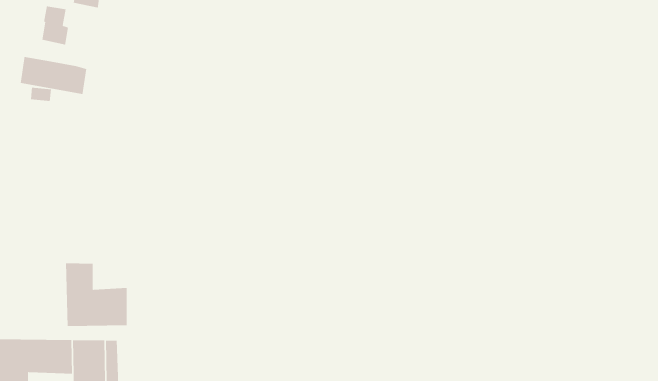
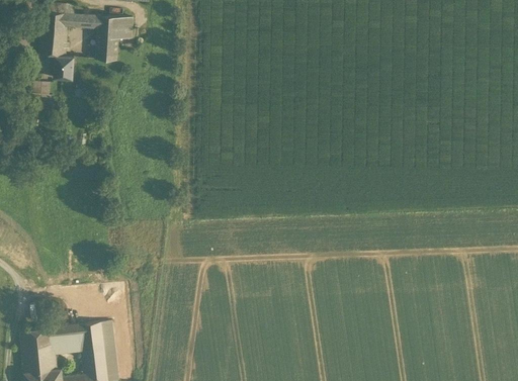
building: [20,56,87,95] -> none
building: [65,263,127,327] -> none

